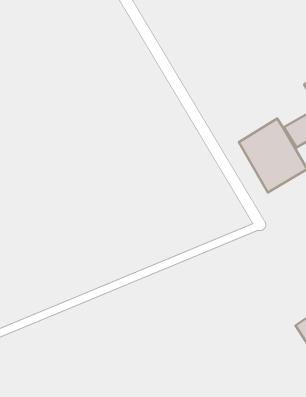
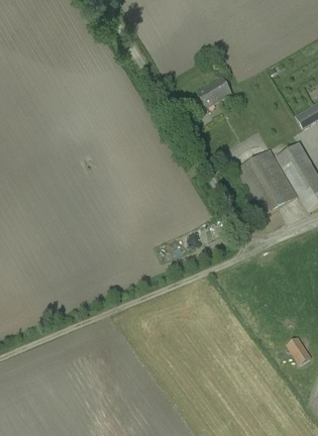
building: none -> [194,77,232,112]

